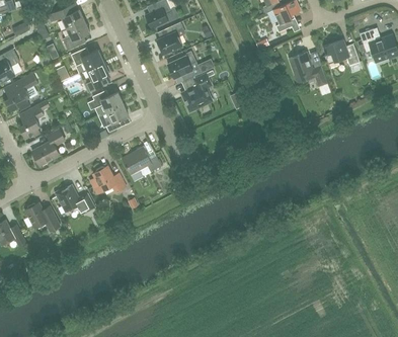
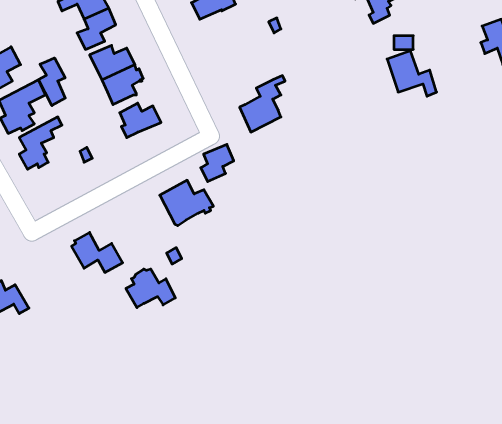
building: [157,22,183,55] -> none
building: [324,38,361,65] -> none
building: [167,51,201,81] -> none
building: none -> [38,58,65,106]
building: [104,104,129,132] -> [201,144,234,182]
building: [32,130,65,166] -> none
building: [89,166,126,194] -> [126,269,175,308]
building: [24,202,60,231] -> none

